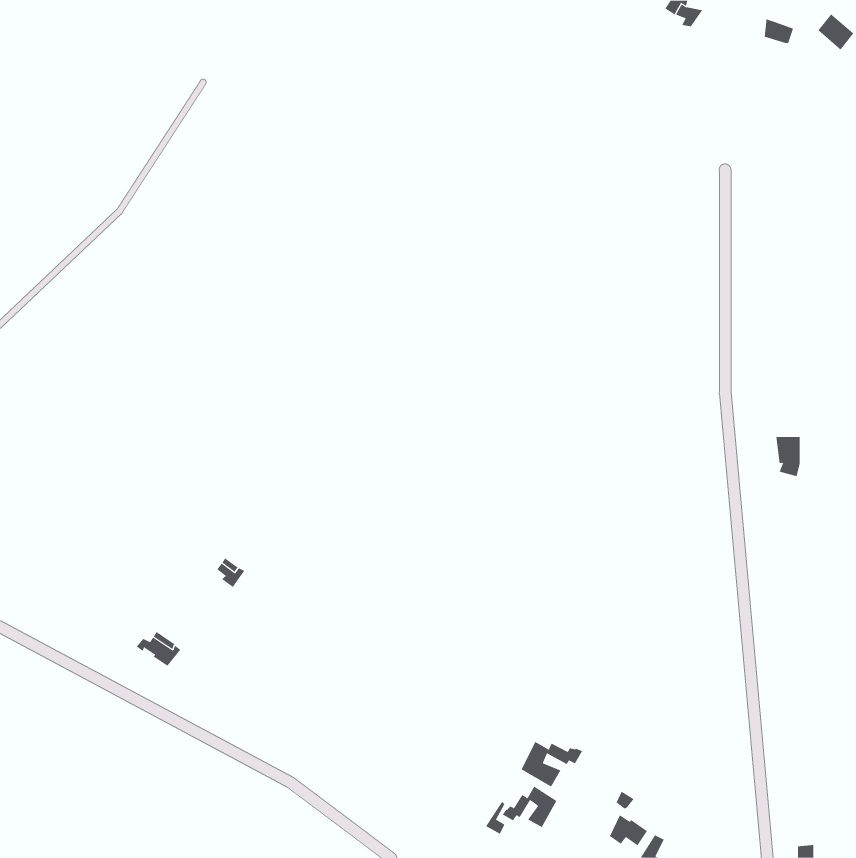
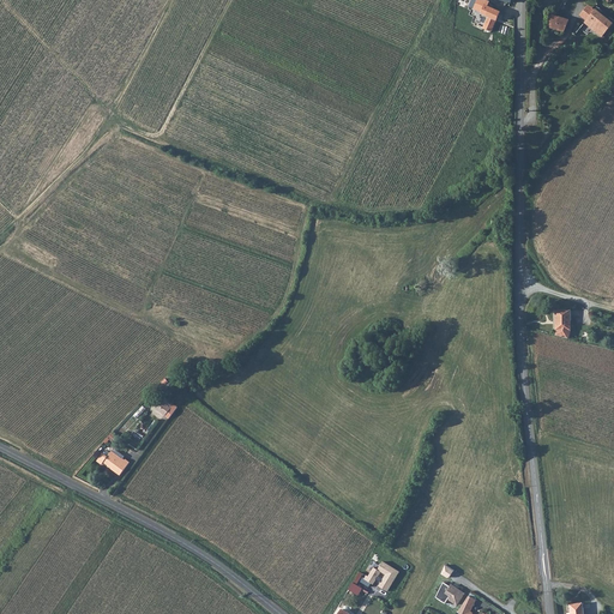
building: [521,741,583,787] -> none

